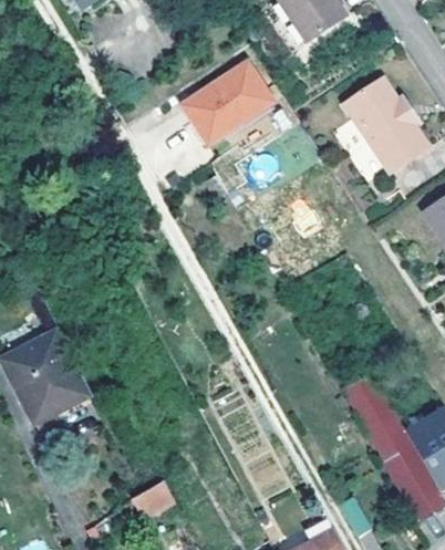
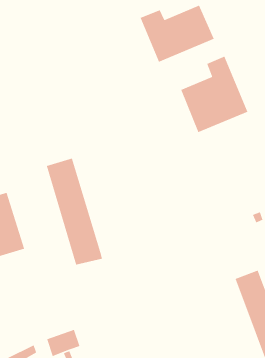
building: none -> [180,56,248,133]
building: none -> [46,158,103,265]

